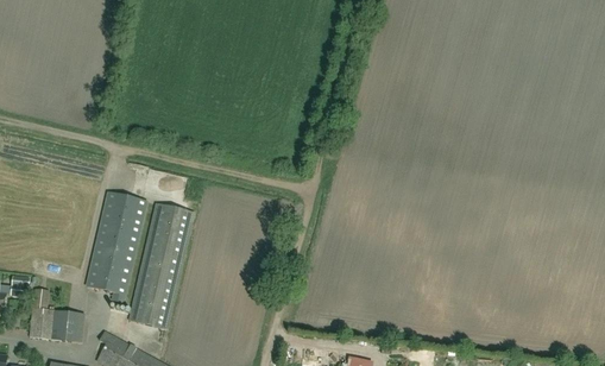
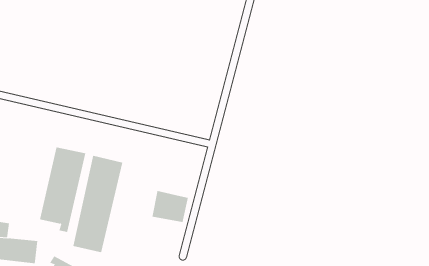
building: none -> [152,190,189,223]

